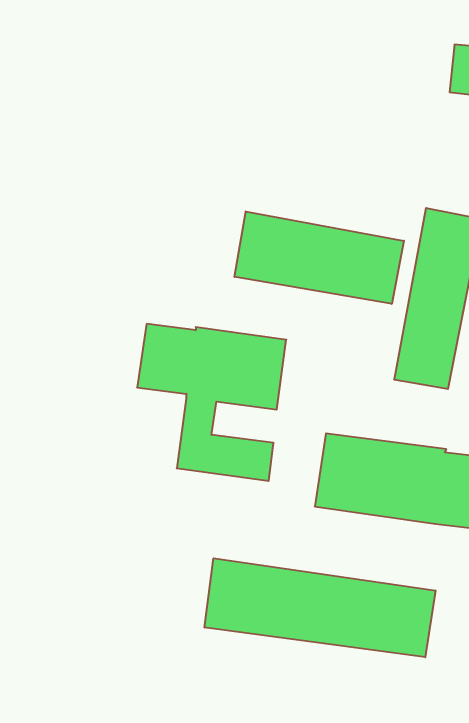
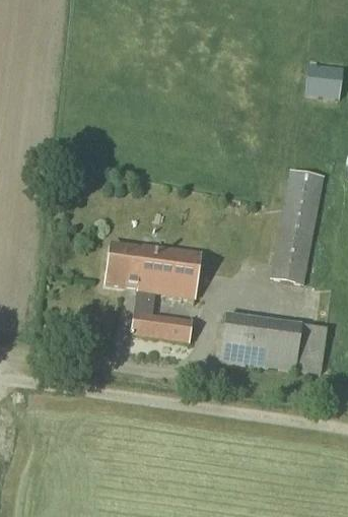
building: [234,211,404,304] -> none
building: [205,558,435,657] -> none

